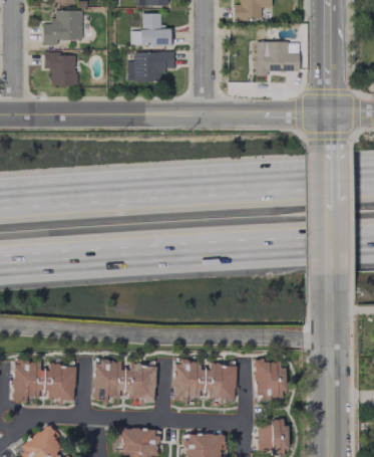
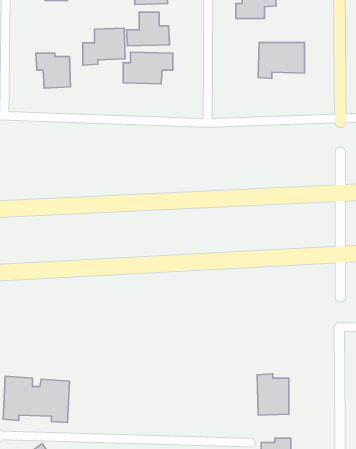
building: [43,10,83,45] -> [83,28,125,65]
building: [173,359,237,400] -> none
building: [93,361,156,402] -> none

